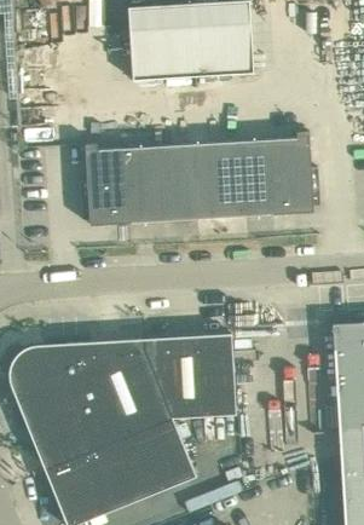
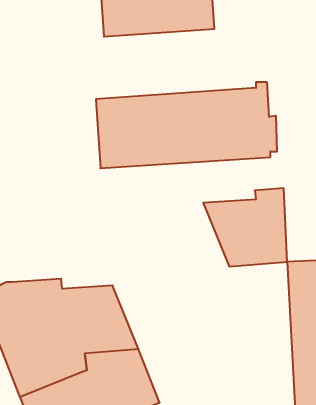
building: [80,142,131,224] -> none
building: [144,333,235,417] -> [203,188,287,266]

